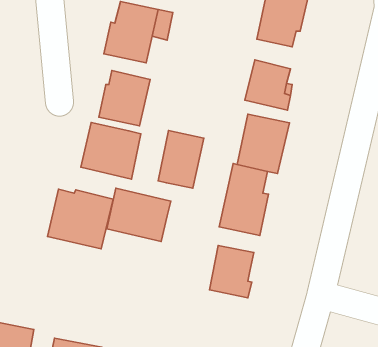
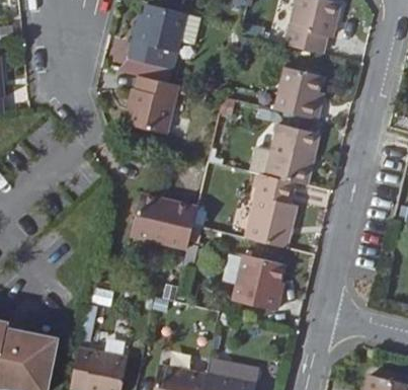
building: [81,122,141,179] -> none
building: [158,130,204,188] -> none
building: [47,189,113,249] -> none

